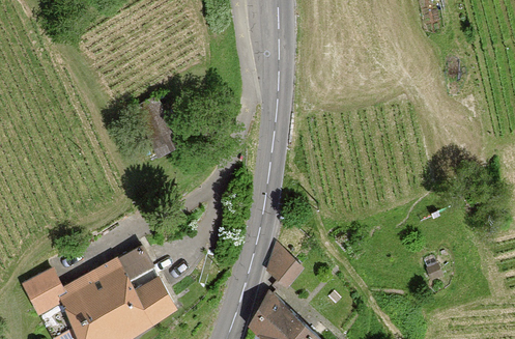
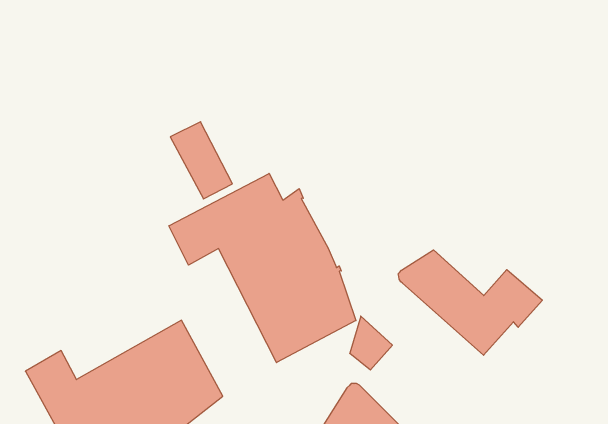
building: none -> [169,173,356,363]
building: none -> [398,250,542,355]

